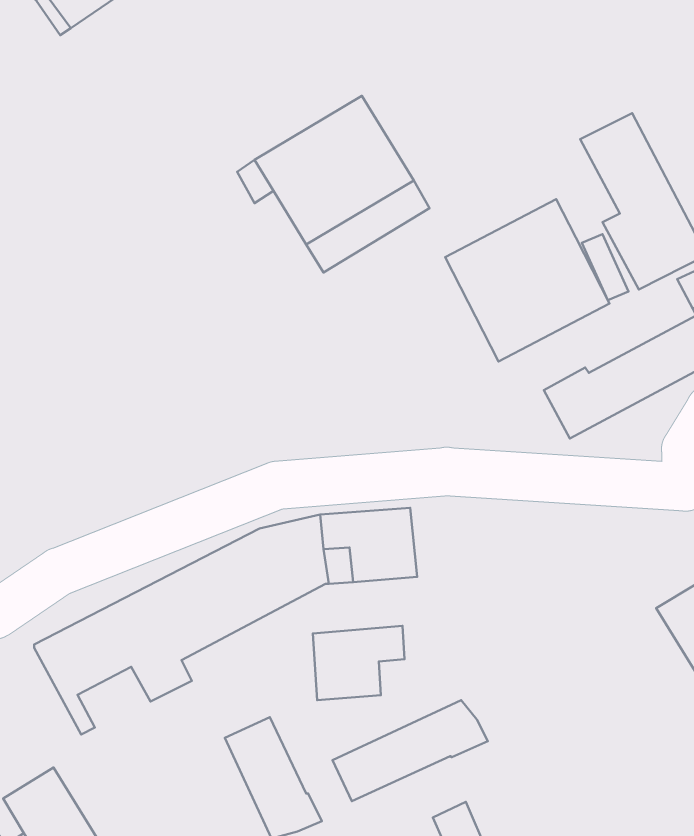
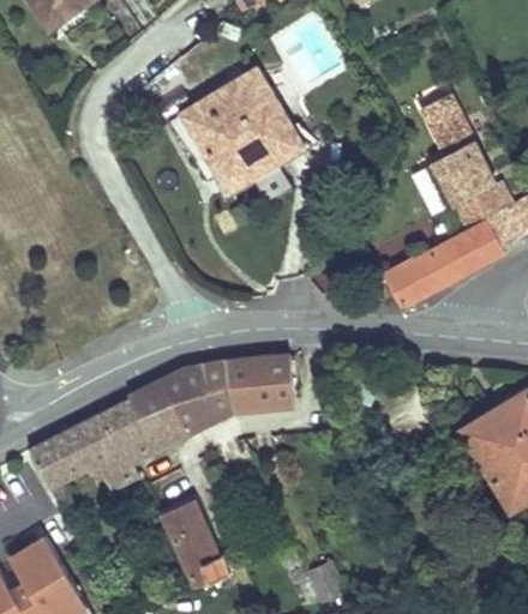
building: [445,199,610,362] -> none
building: [313,626,405,700] -> none
building: [332,700,488,801] -> none

